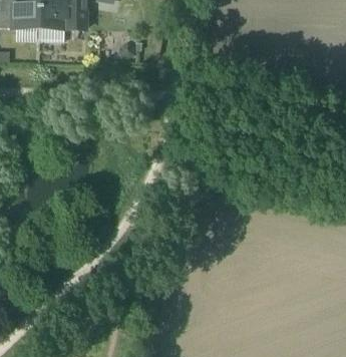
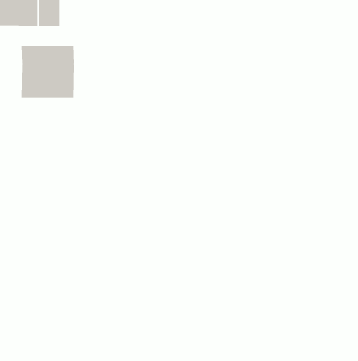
building: none -> [21,45,74,98]

